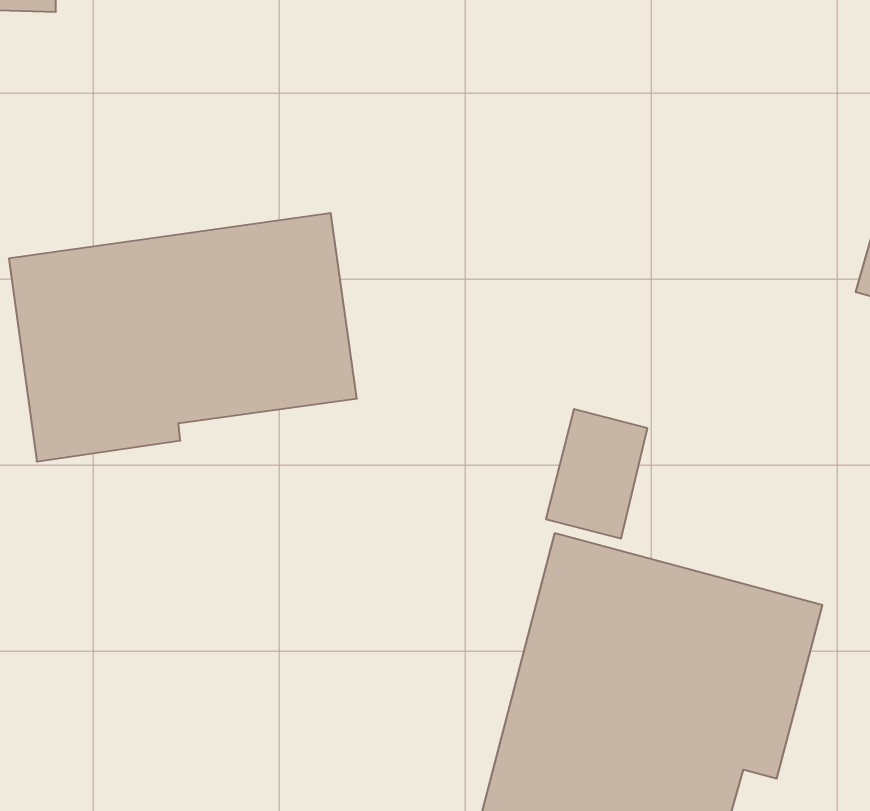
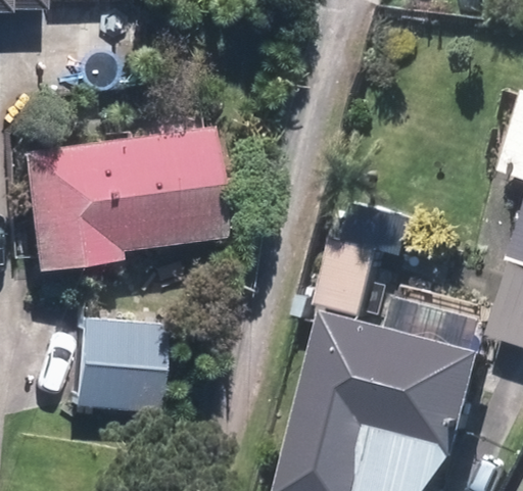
building: none -> [75,318,163,411]

